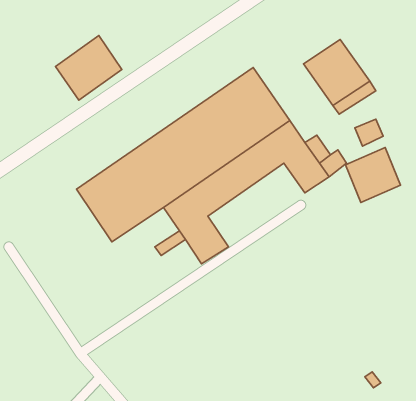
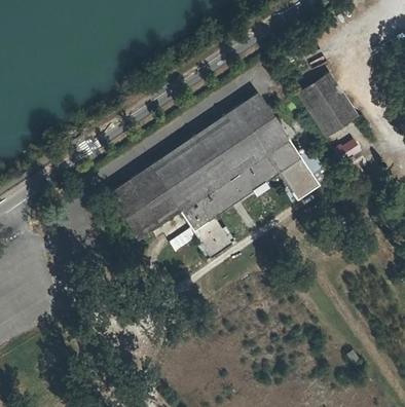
building: [56,36,122,100] -> none
building: [345,147,401,203] -> none

